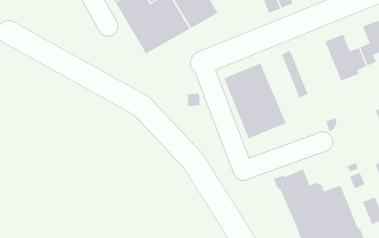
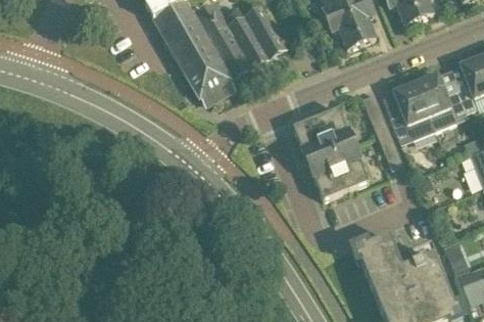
building: none -> [390,82,434,139]

